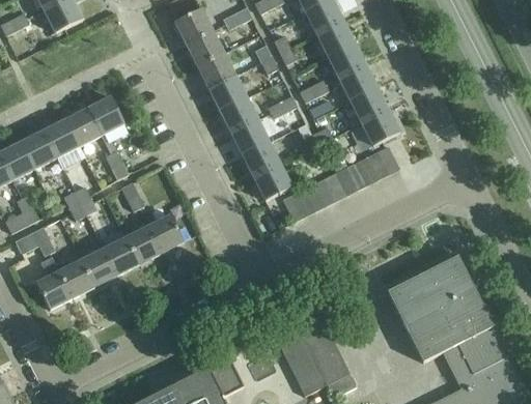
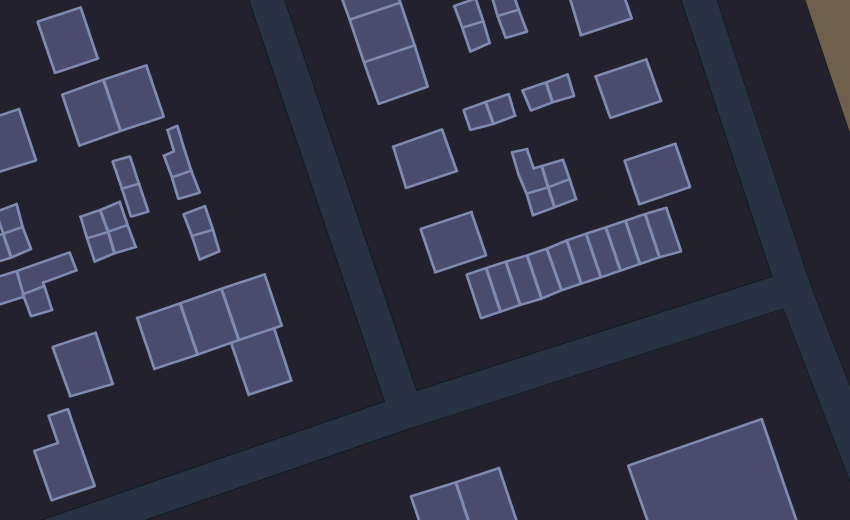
building: [327,44,365,79] -> none
building: [350,87,388,123] -> none
building: [88,96,124,135] -> none
building: [220,97,257,134] -> none
building: [21,131,57,169] -> [38,7,98,73]
building: [242,142,280,177] -> none
building: none -> [231,328,291,395]
building: [81,249,116,287] -> none
building: [35,257,72,309] -> [34,409,95,500]

